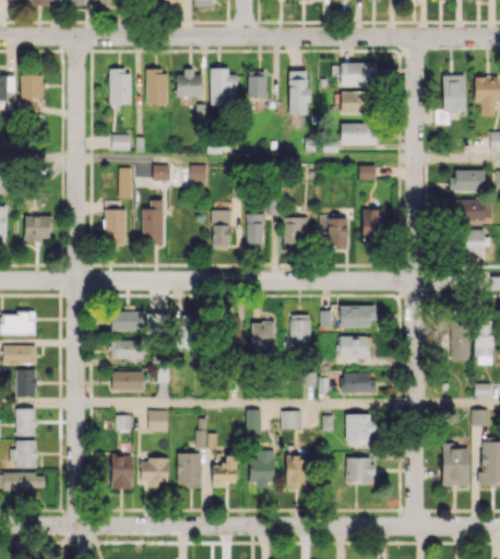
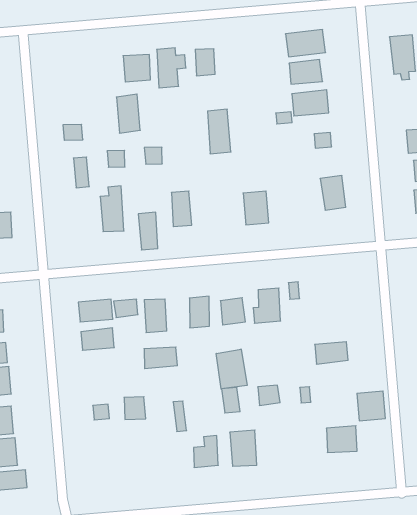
building: [146,68,167,105] -> [116,94,140,133]
building: [109,70,132,105] -> none
building: [288,71,309,114] -> [208,109,231,154]
building: [105,210,126,245] -> none
building: [247,214,264,250] -> [138,212,158,250]
building: [320,217,349,246] -> none
building: [341,306,373,328] -> none
building: [340,336,371,358] -> none
building: [111,371,144,391] -> [144,347,177,369]
building: none -> [216,349,247,389]
building: [346,414,372,441] -> [357,391,385,421]
building: [286,447,309,489] -> none
building: [178,453,201,486] -> none
building: [111,454,133,489] -> none
building: [141,459,168,488] -> none

